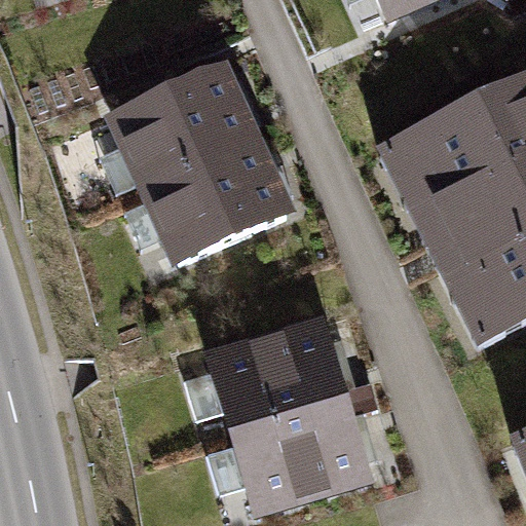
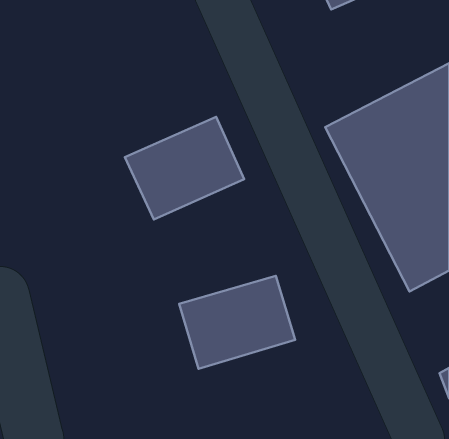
building: [114,65,253,184] -> none
building: [232,398,368,506] -> none

